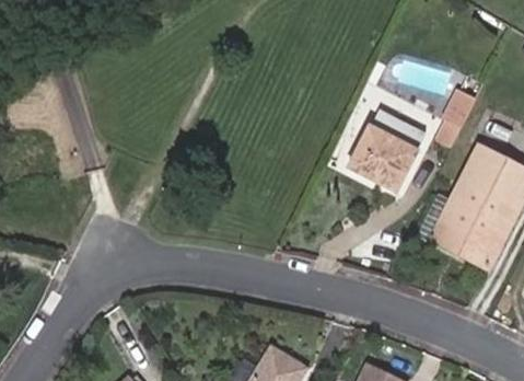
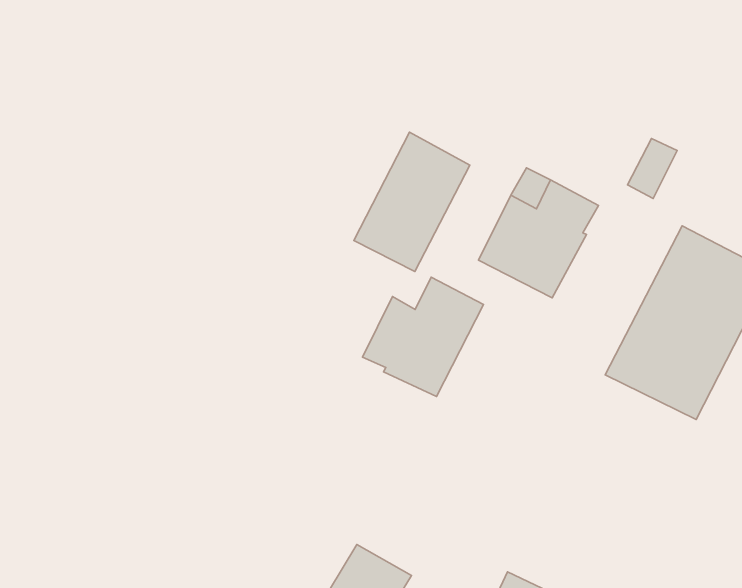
building: none -> [354,132,470,271]
building: none -> [362,277,483,396]

